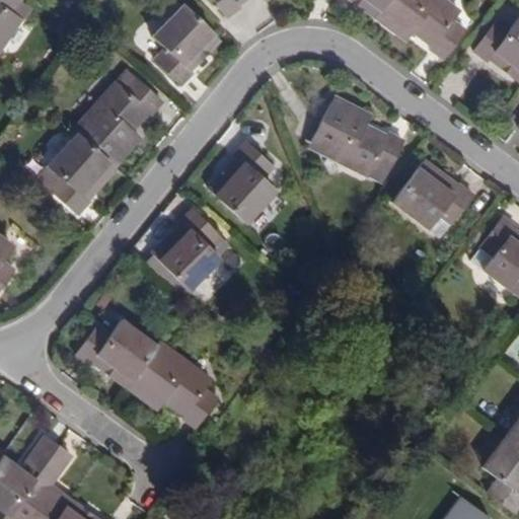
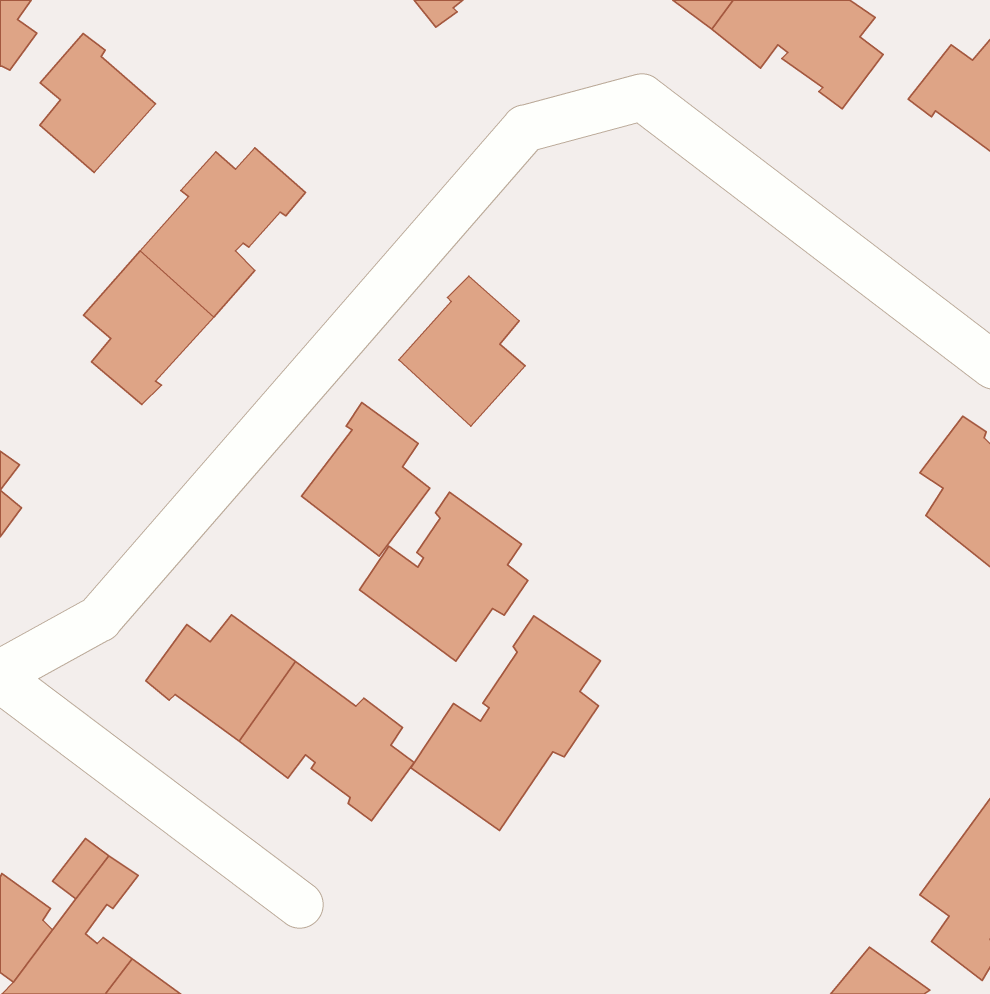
building: [151,4,218,84] -> none
building: none -> [40,33,155,172]
building: [313,98,404,176] -> none
building: [394,160,474,228] -> none
building: none -> [360,492,528,661]
building: none -> [411,616,600,831]

